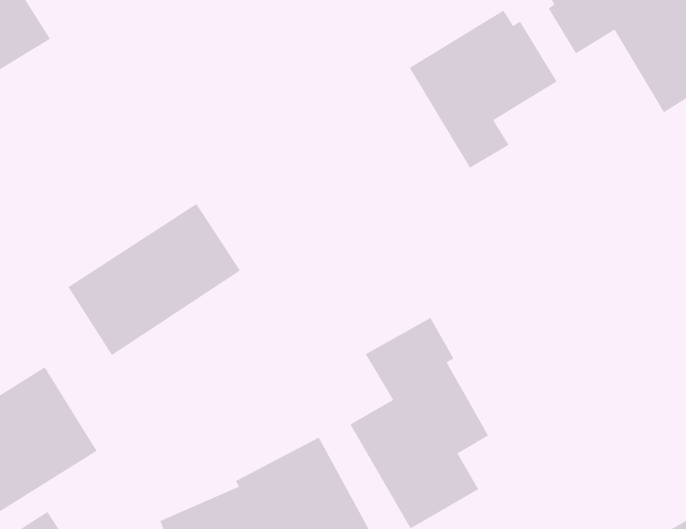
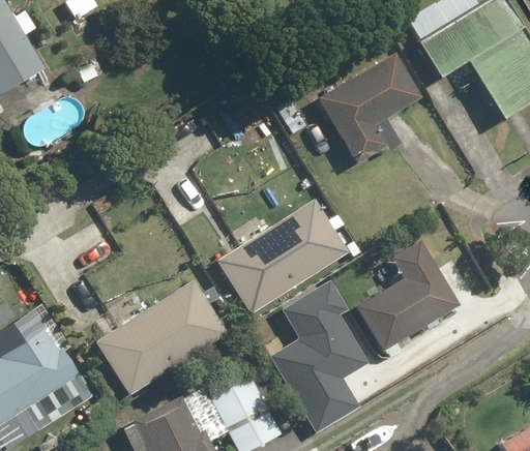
building: [67,203,241,356] -> [95,281,226,396]
building: none -> [217,200,348,314]
building: none -> [355,240,460,352]

